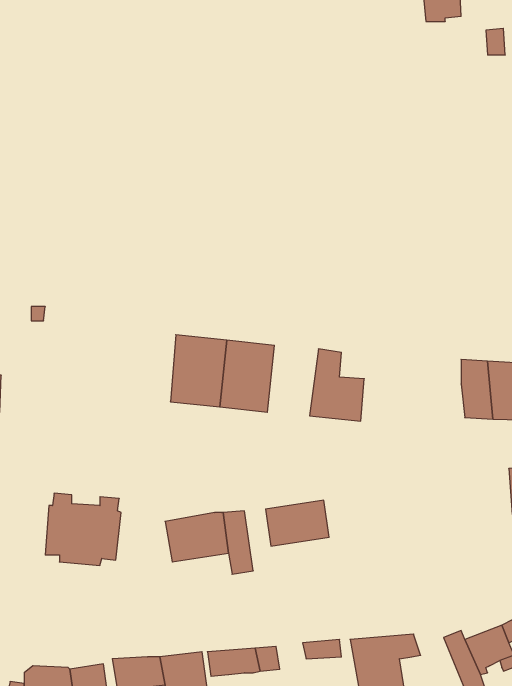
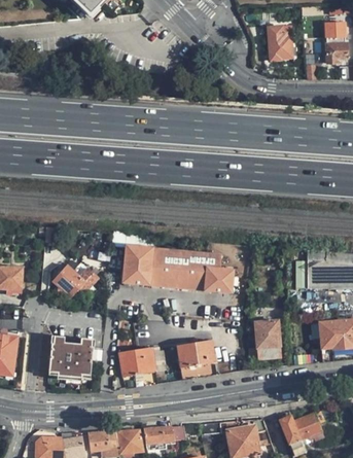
building: none -> [178,250,208,291]
building: none -> [51,265,98,297]
building: none -> [249,320,281,359]

